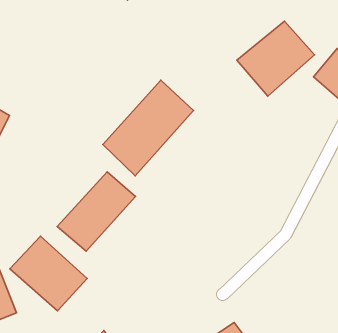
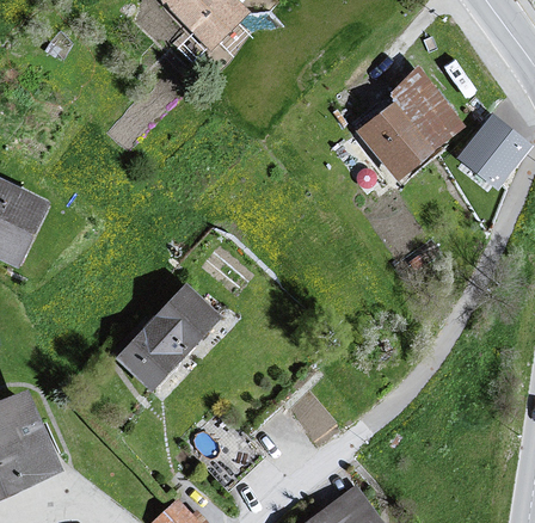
building: [103,80,193,176] -> none
building: [10,236,87,311] -> none

